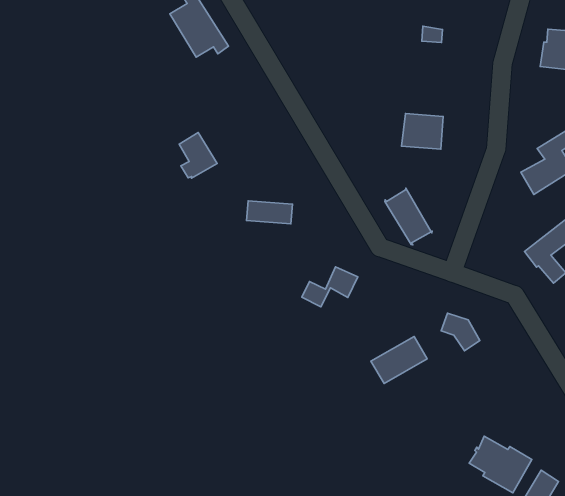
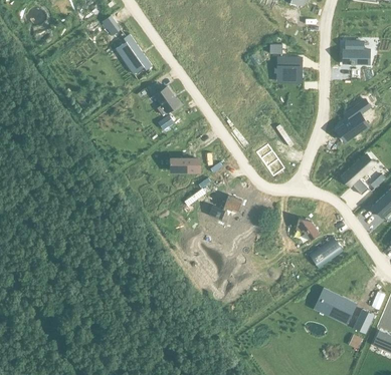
building: [401,114,443,149] -> [277,57,302,77]
building: [179,132,217,178] -> [156,86,180,114]
building: [371,336,427,384] -> [310,238,344,268]

